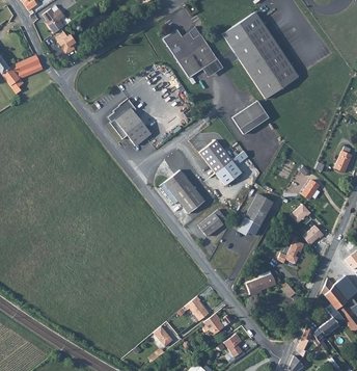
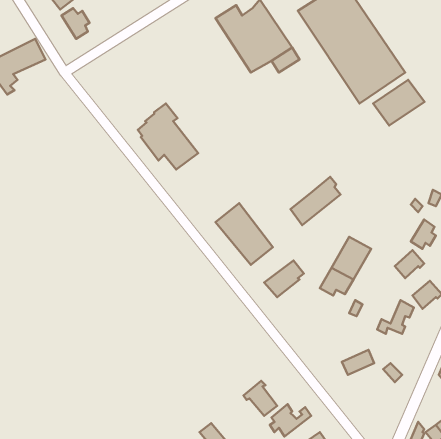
building: [232,102,269,134] -> [373,80,424,125]
building: [200,141,232,175] -> none

